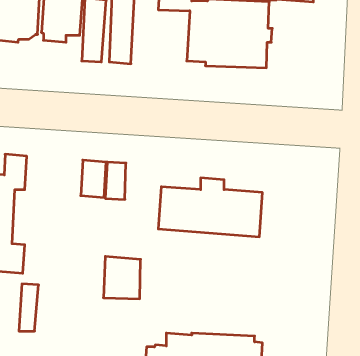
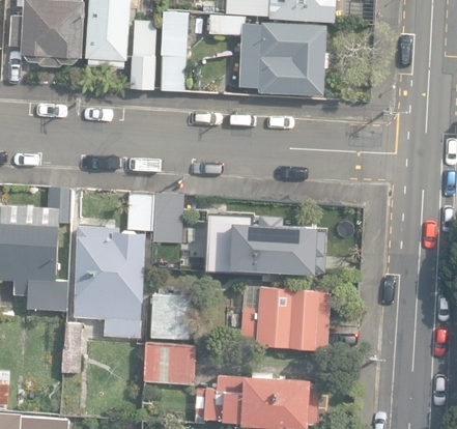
building: none -> [74,226,144,339]
building: none -> [236,286,331,351]
building: none -> [142,342,196,387]

